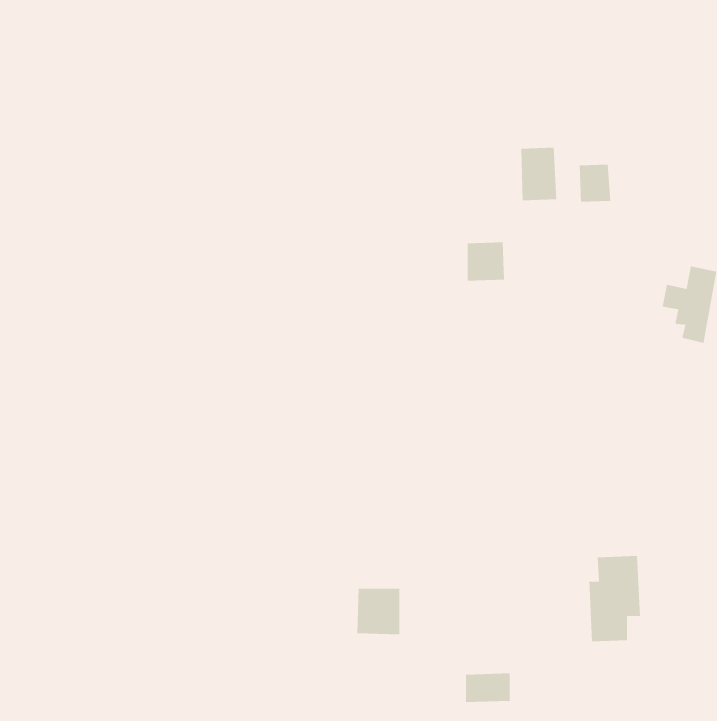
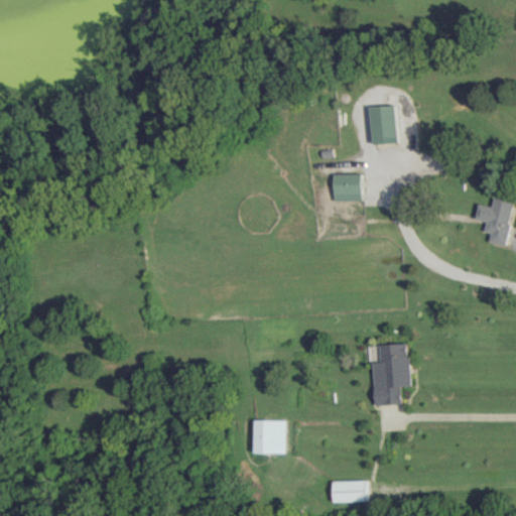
building: [579,164,611,203] -> none
building: [588,556,641,642] -> [372,344,409,405]

